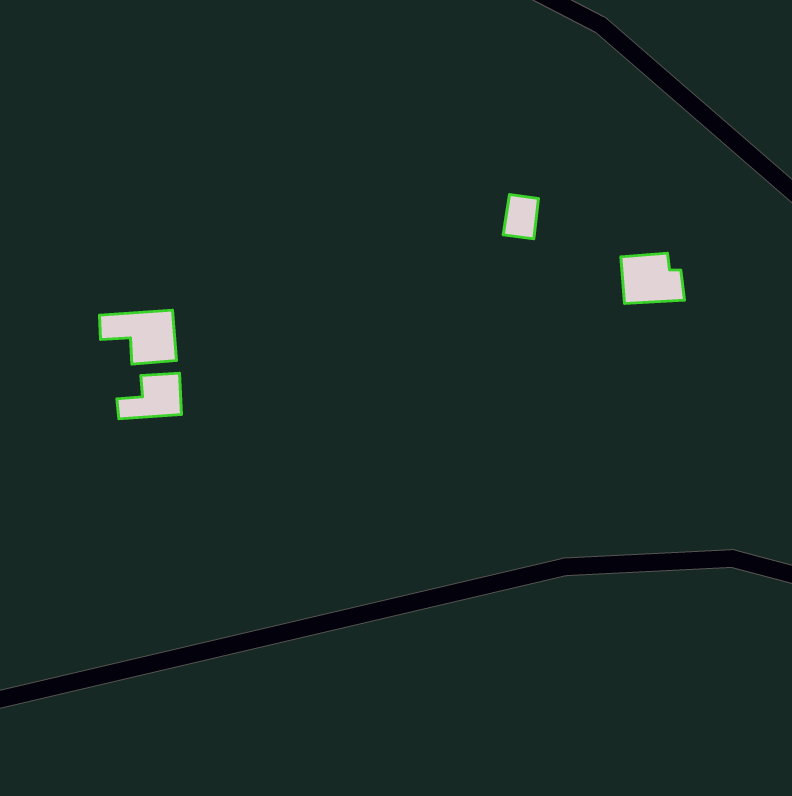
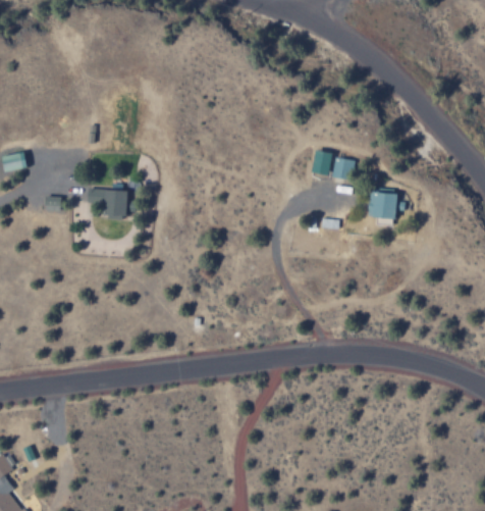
building: none -> [332,157,356,181]
building: [117,373,182,419] -> none

